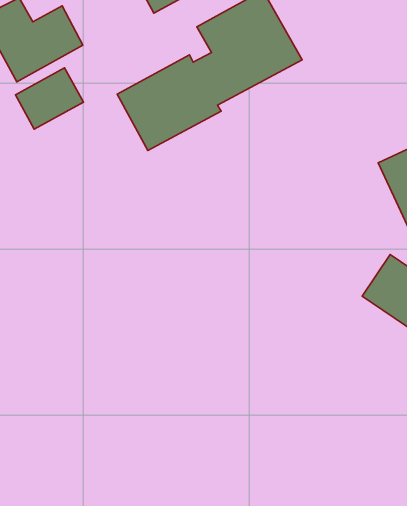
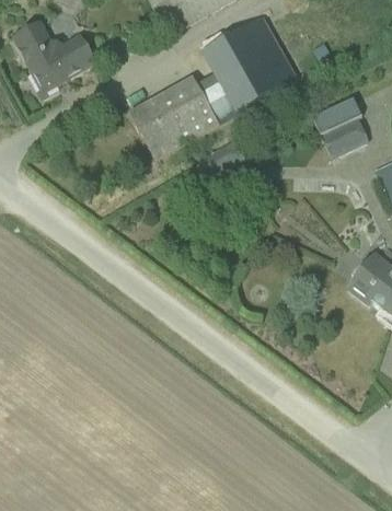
building: [15,68,83,129] -> none
building: none -> [314,92,369,152]

